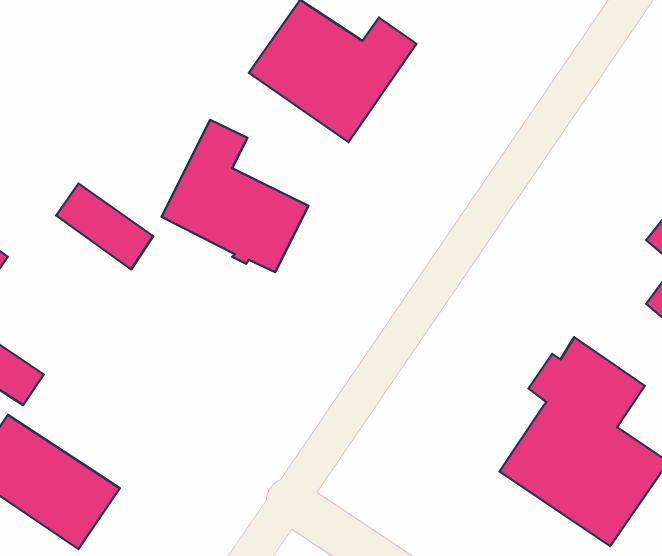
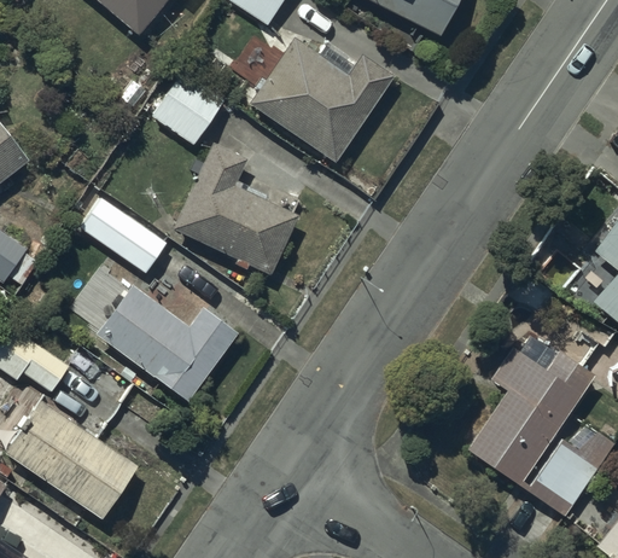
building: none -> [151,69,225,144]
building: none -> [84,275,237,400]

